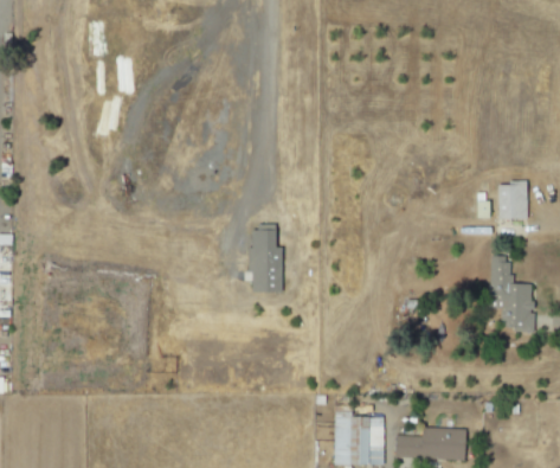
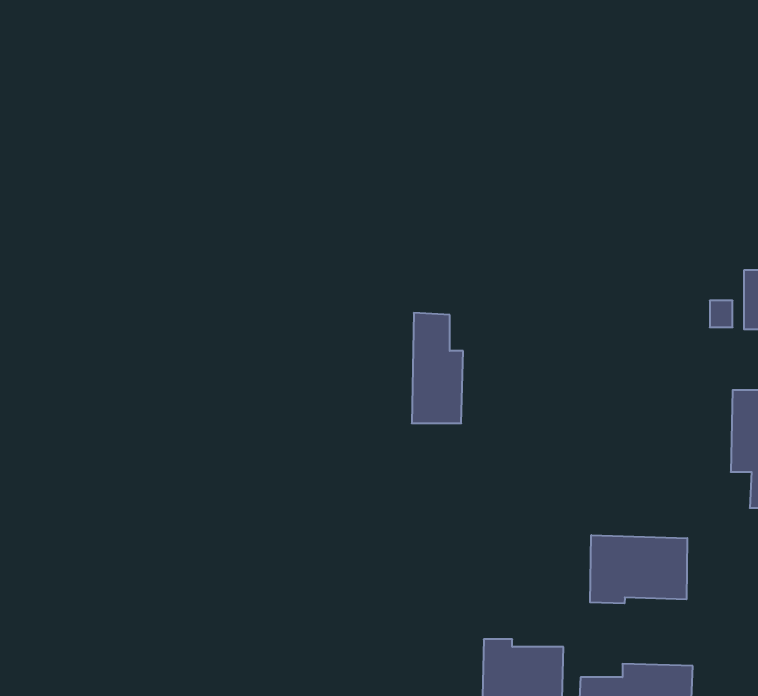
building: [250,224,282,293] -> [412,313,463,423]
building: none -> [590,535,687,603]

